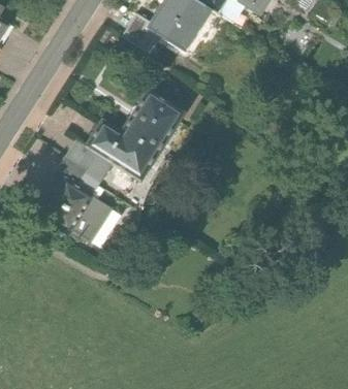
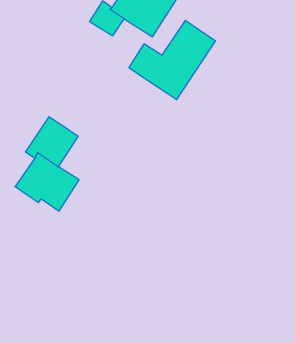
building: [87,93,182,180] -> [129,20,215,100]

